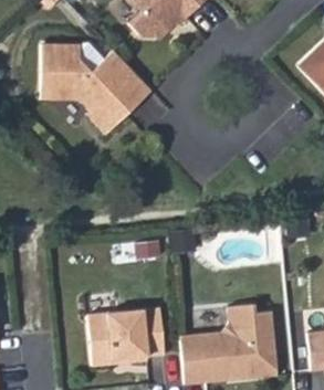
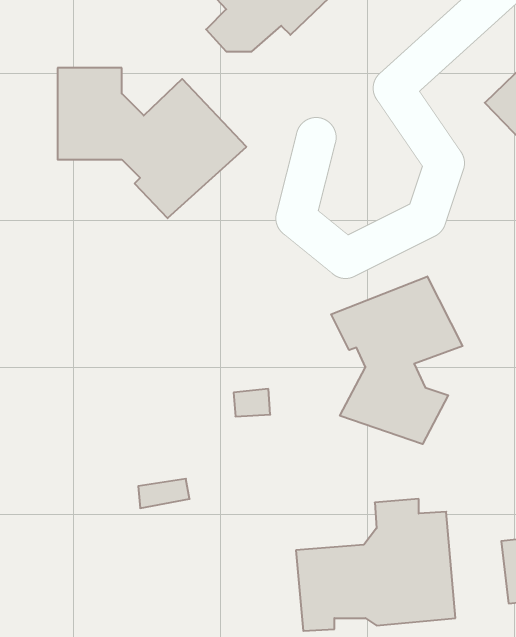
building: none -> [331,276,463,444]
building: [88,307,166,365] -> none

